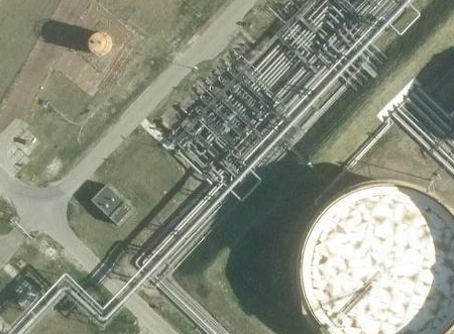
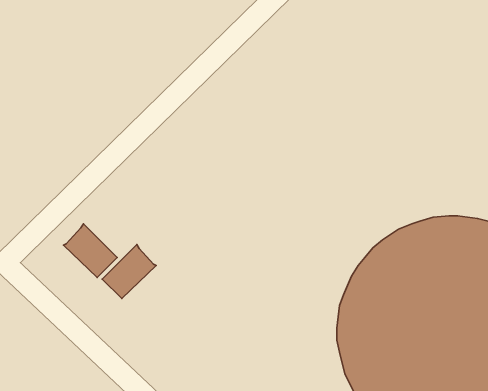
building: none -> [102,245,156,299]

